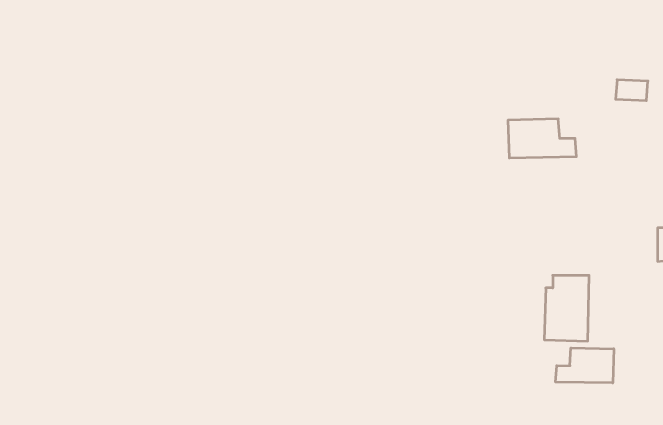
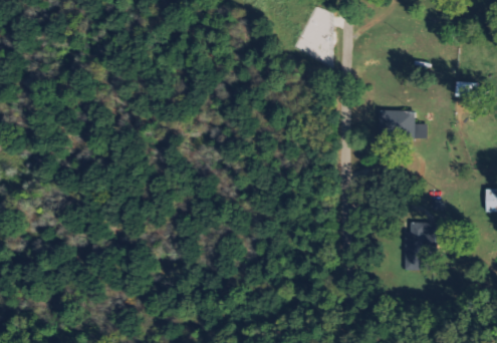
building: [556,348,614,383] -> none

